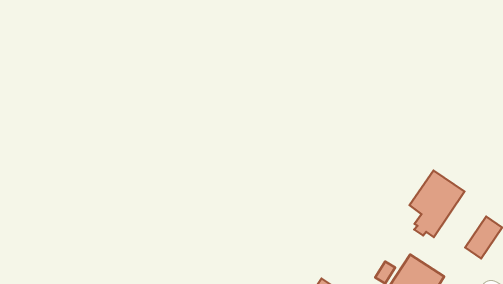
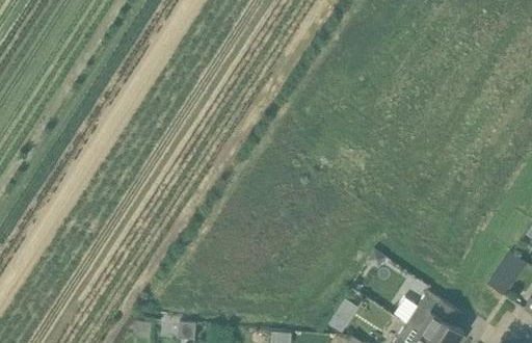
building: [410,170,465,237] -> none

